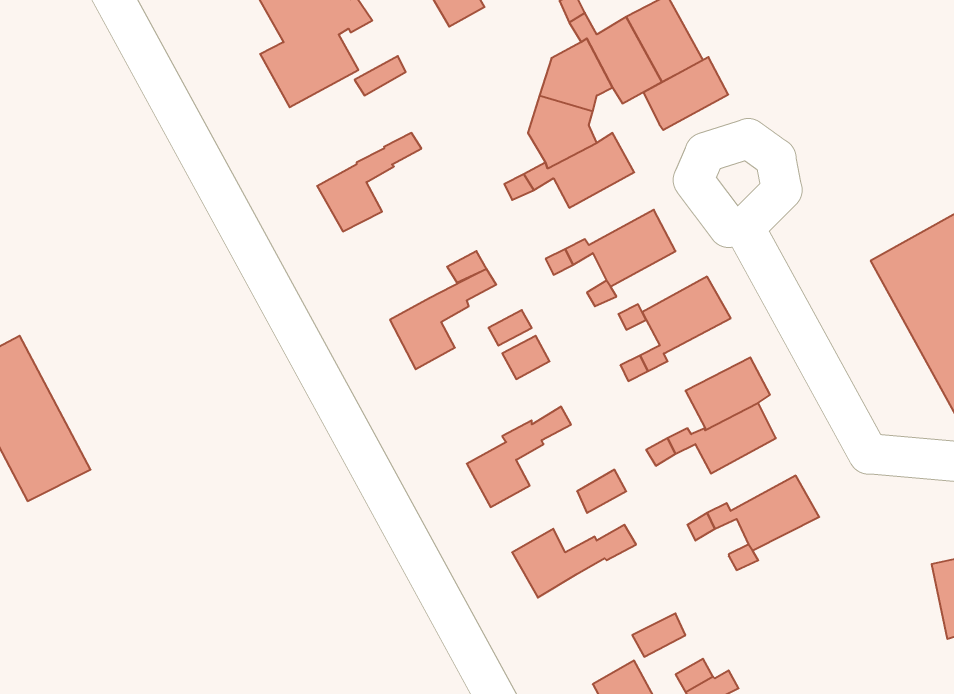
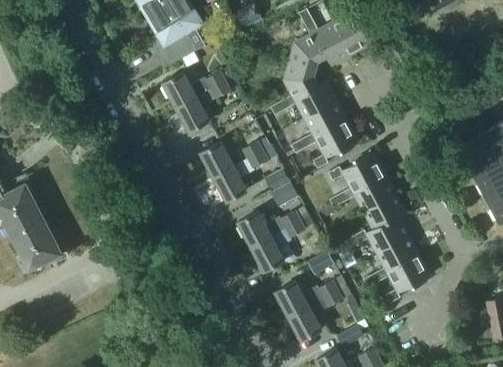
building: [644,57,728,130] -> [304,100,347,137]
building: none -> [163,71,224,107]
building: none -> [200,141,233,175]
building: none -> [352,174,396,211]
building: none -> [238,209,300,248]
building: none -> [376,235,419,272]
building: none -> [288,289,342,339]

